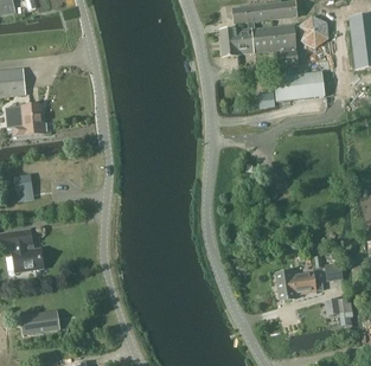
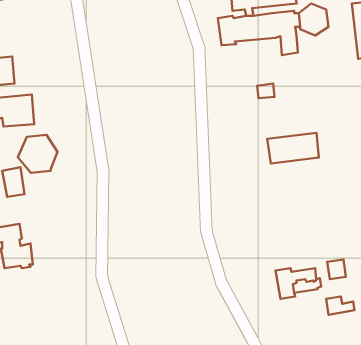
building: [274,71,324,101] -> [267,133,319,164]
building: none -> [18,135,58,173]
building: [20,310,59,333] -> none

